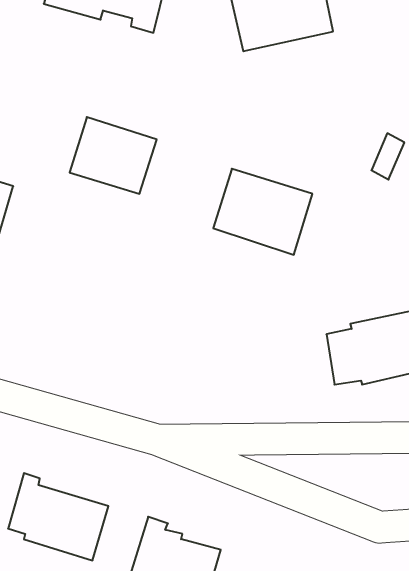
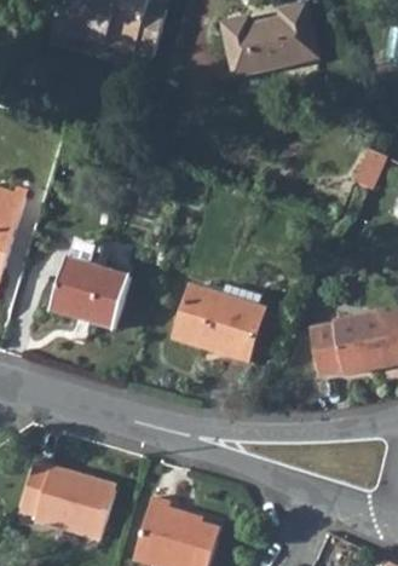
building: [70,117,157,194] -> [51,255,131,325]
building: [213,169,312,255] -> [175,281,266,359]

